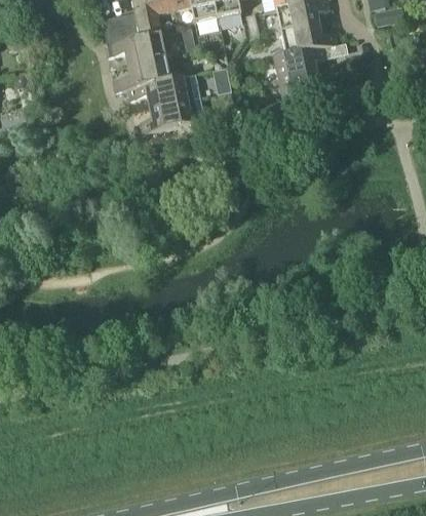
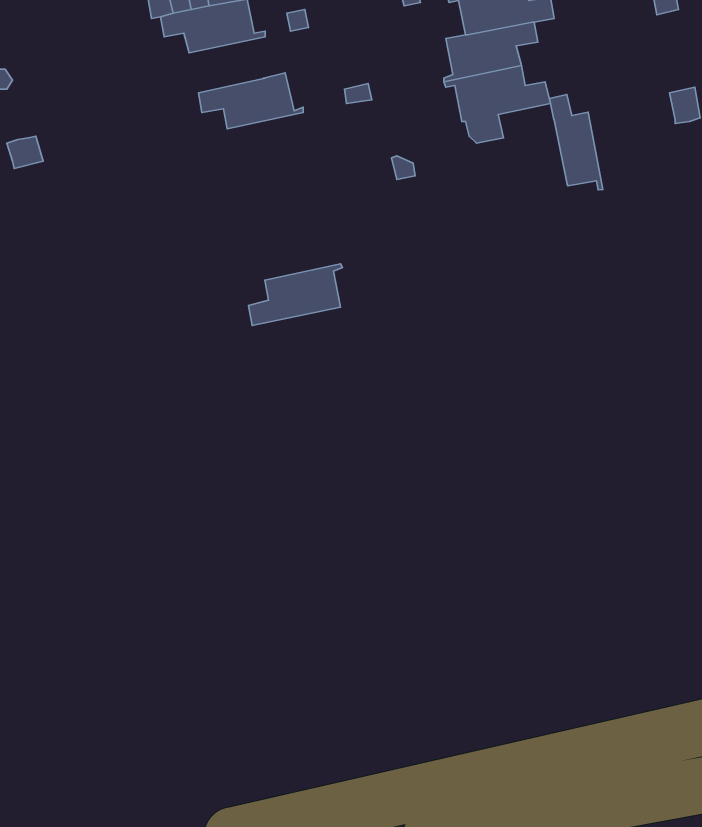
building: [119,53,172,88] -> none
building: none -> [549,94,603,190]
building: [141,96,194,131] -> [249,264,342,325]

